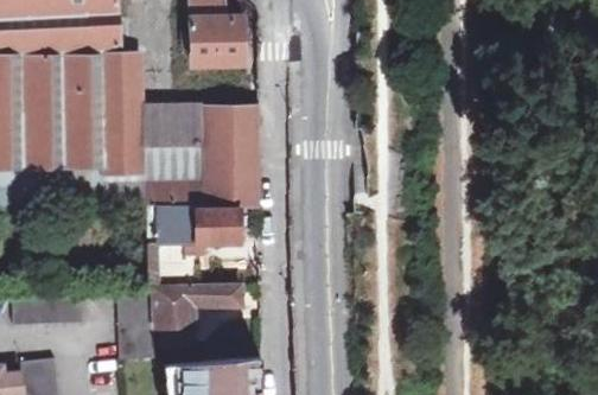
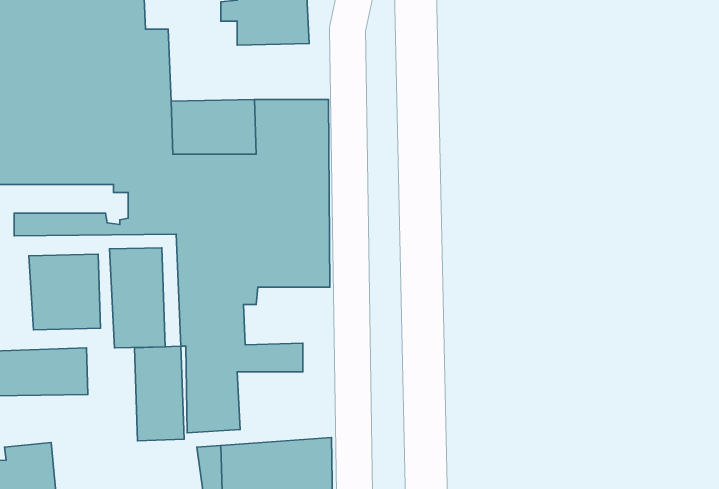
building: none -> [110,248,165,348]
building: none -> [29,254,101,330]

